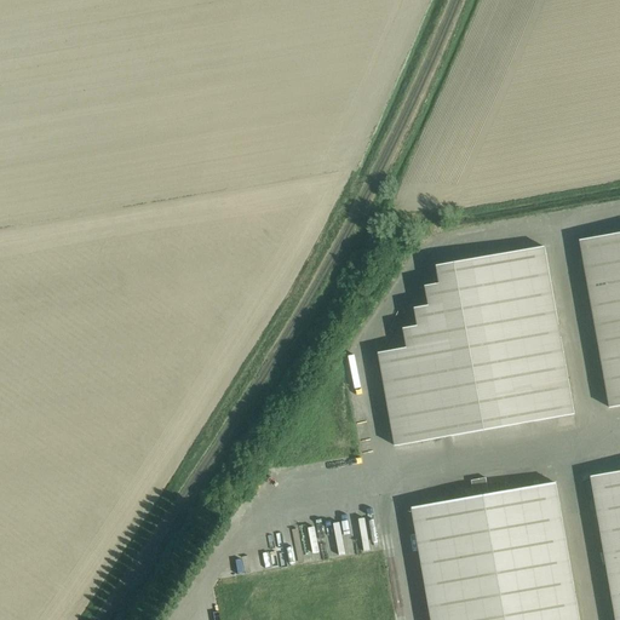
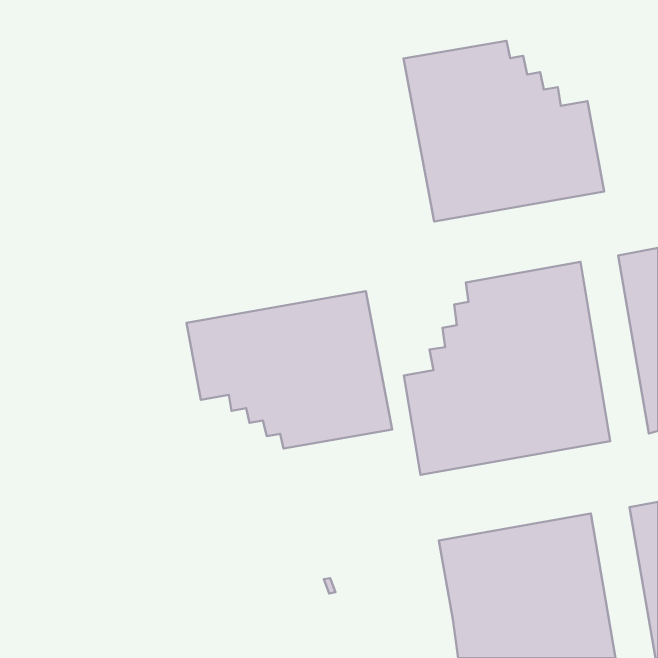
building: none -> [403,41,604,221]
building: none -> [187,291,392,449]

